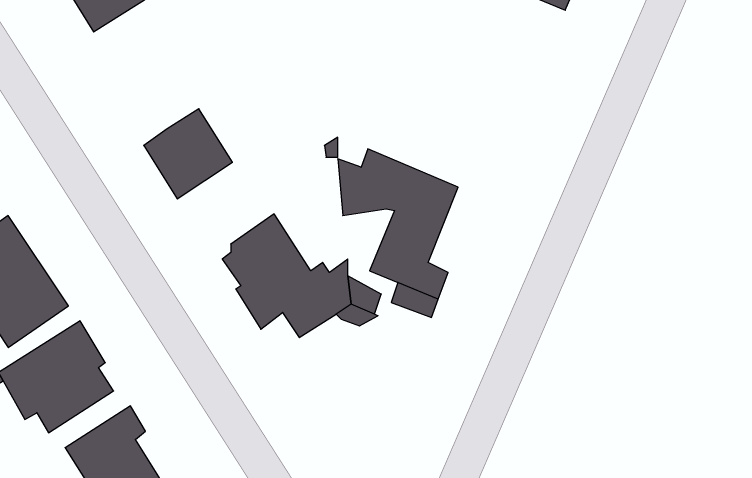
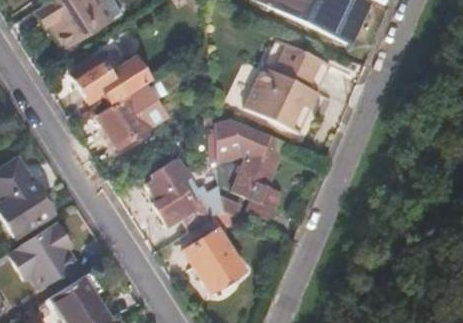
building: none -> [245,35,328,128]
building: none -> [71,54,151,107]
building: none -> [184,229,244,292]

